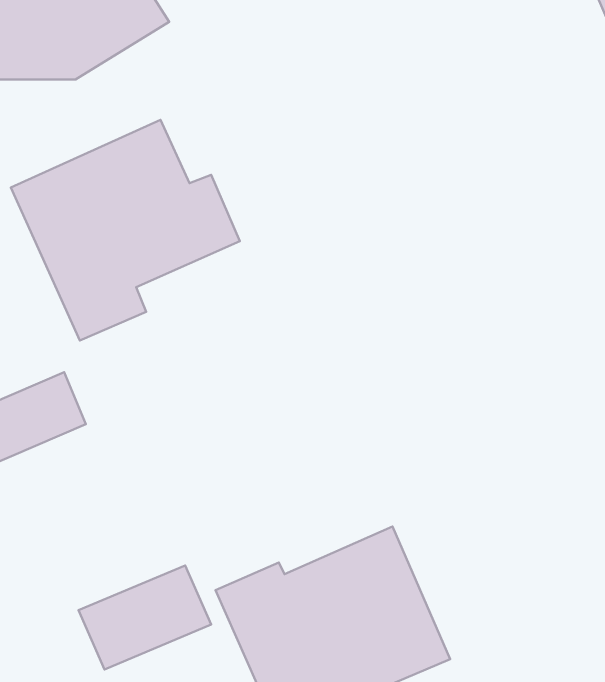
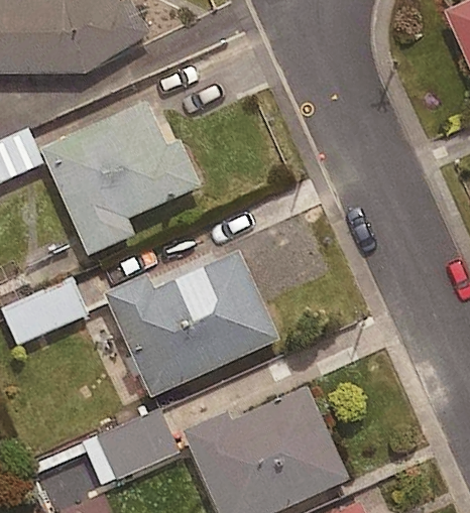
building: none -> [102,251,278,398]

